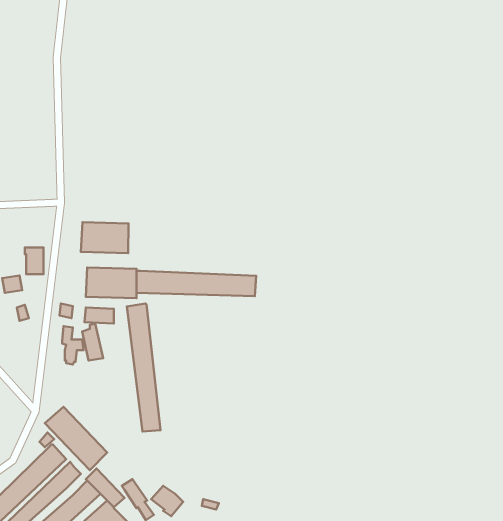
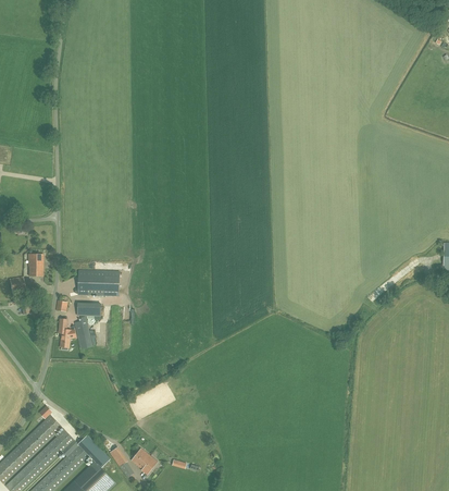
building: [81,222,128,253] -> none
building: [137,271,256,296] -> none
building: [127,304,160,432] -> none
building: [45,407,107,470] -> none

